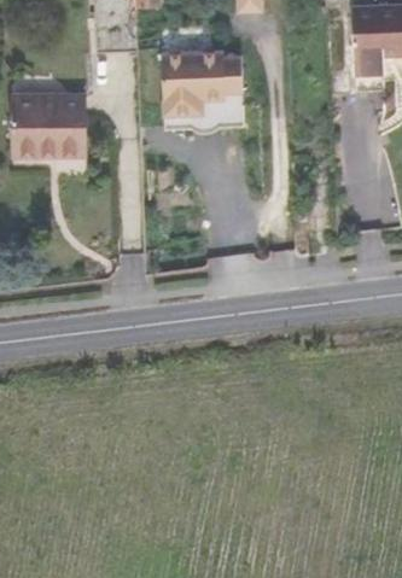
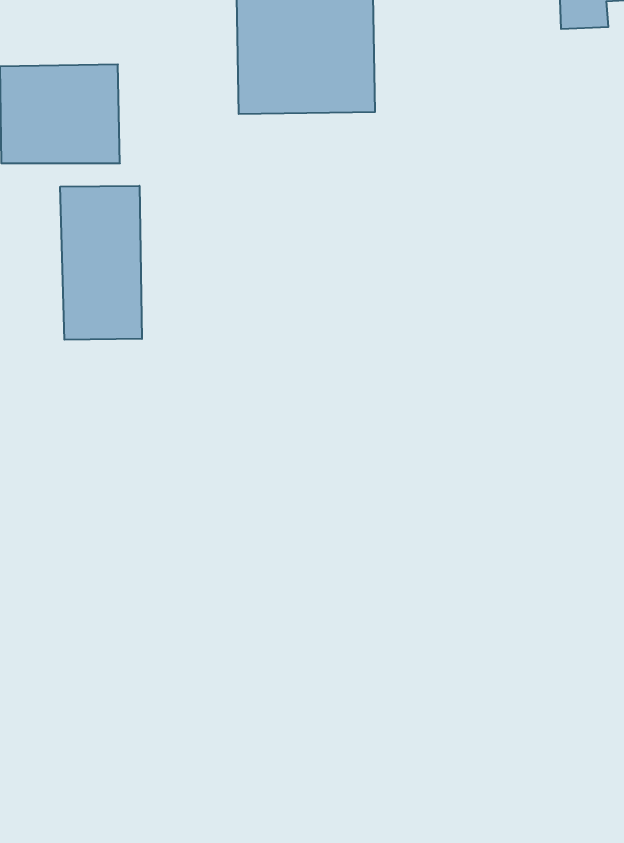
building: none -> [60,186,142,340]

